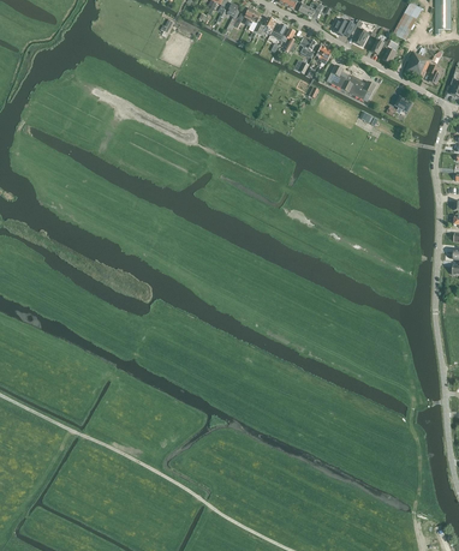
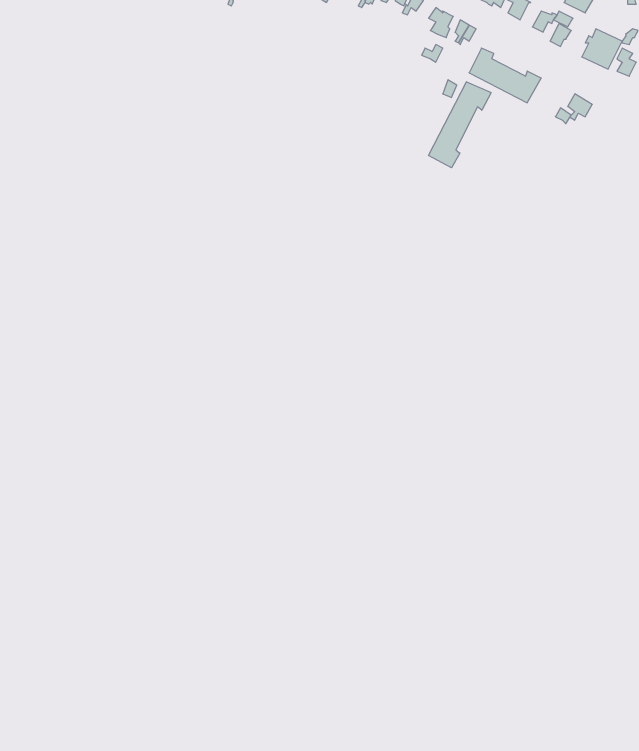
building: none -> [429,82,491,168]

